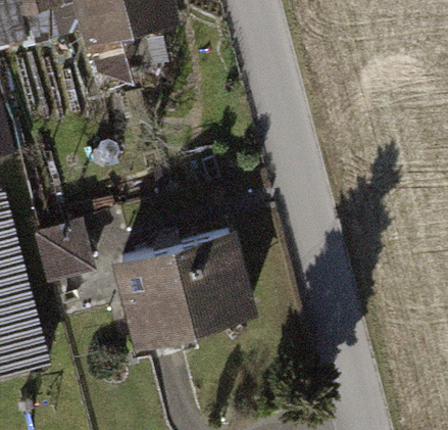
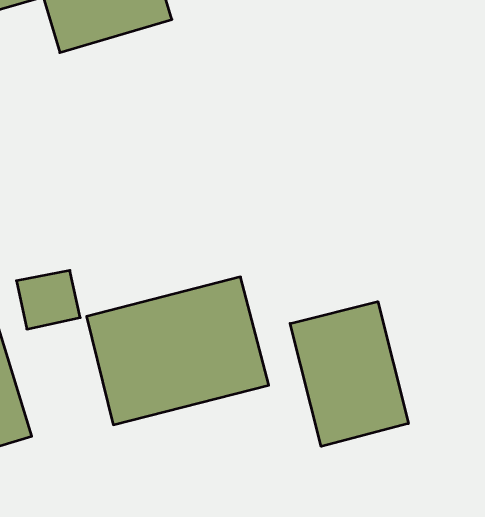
building: none -> [290,302,408,446]

